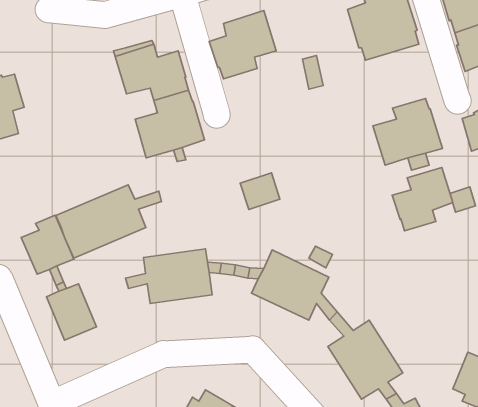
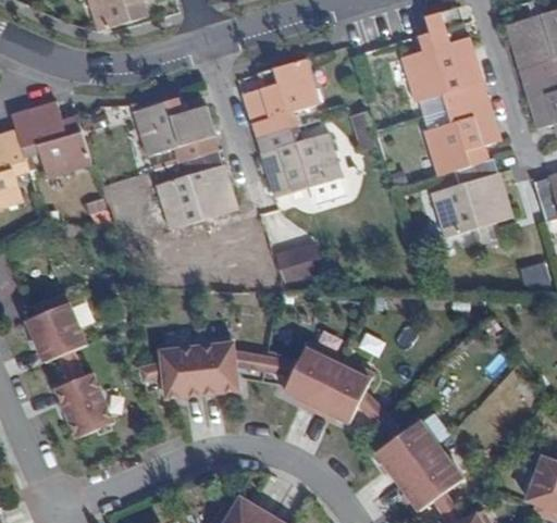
building: none -> [423,98,500,177]
building: none -> [12,101,92,178]
building: none -> [259,126,343,207]
building: [392,168,453,231] -> none
building: [56,185,161,258] -> none

